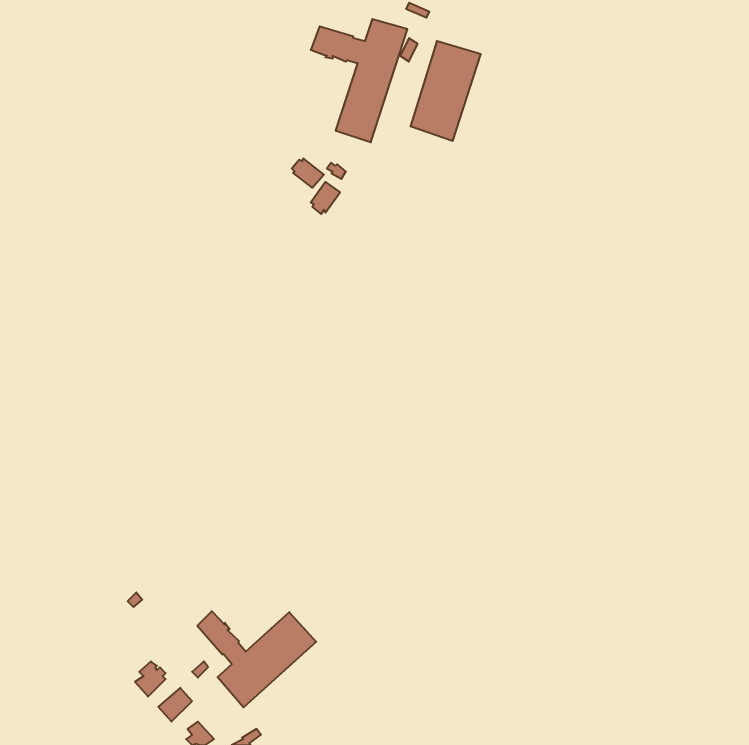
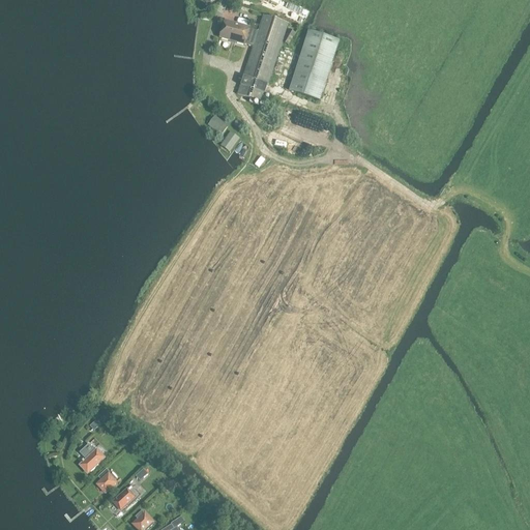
building: [197,611,316,707] -> none
building: none -> [79,442,106,472]

